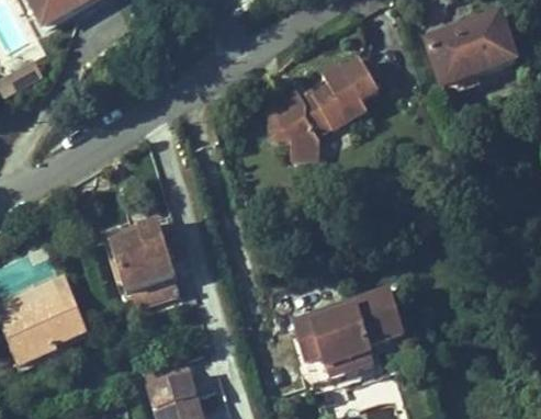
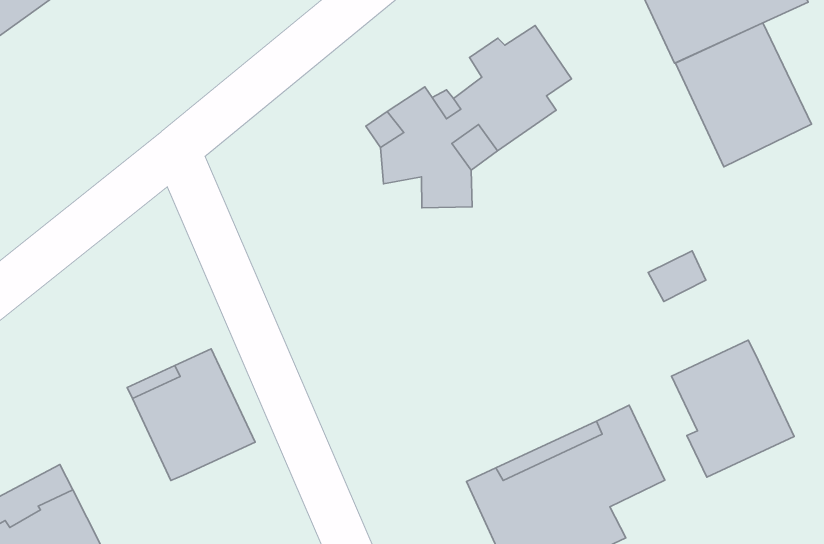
building: none -> [676,23,812,167]
building: none -> [672,340,794,477]
building: [133,273,182,308] -> none

